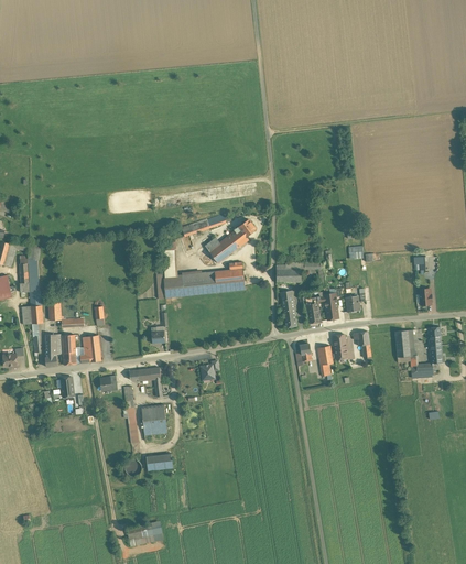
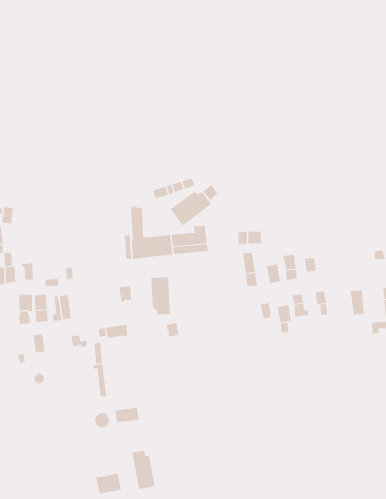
building: none -> [151,276,171,315]
building: [142,404,167,435] -> none
building: none -> [132,450,155,490]

